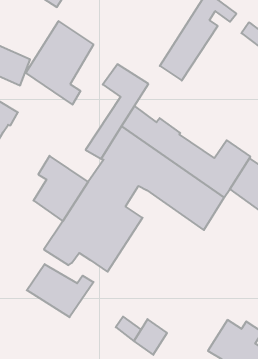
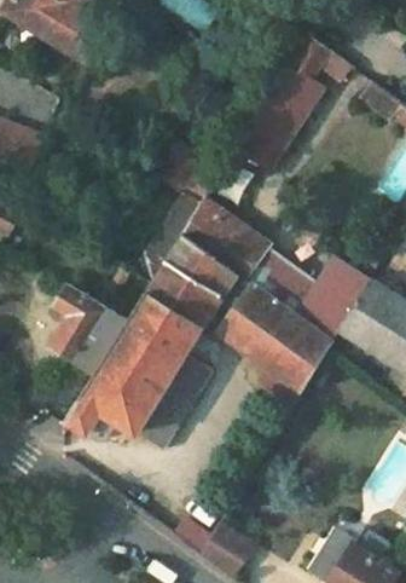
building: [26,21,93,105] -> none
building: [27,264,94,317] -> none

